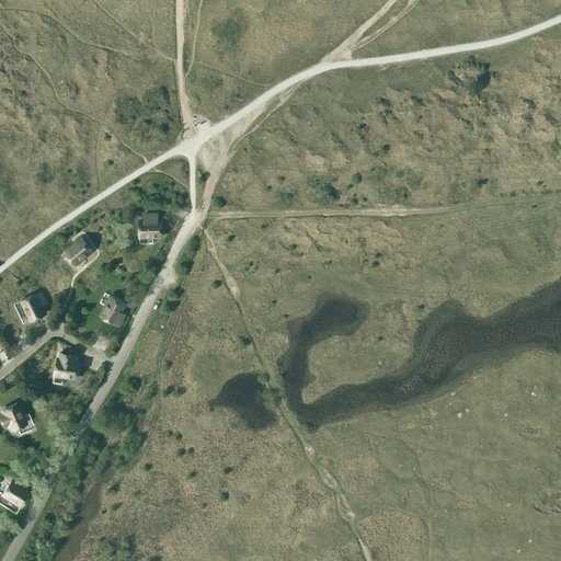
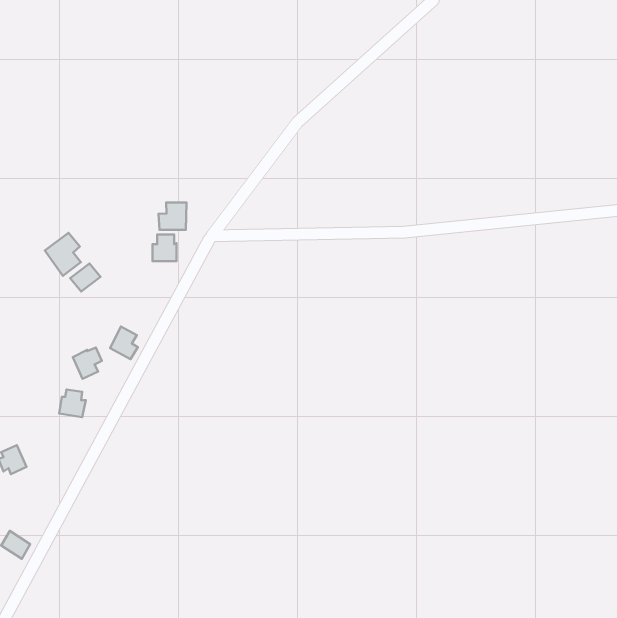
building: none -> [159,202,187,230]
building: none -> [45,233,81,276]
building: [21,291,47,320] -> [73,347,102,379]

